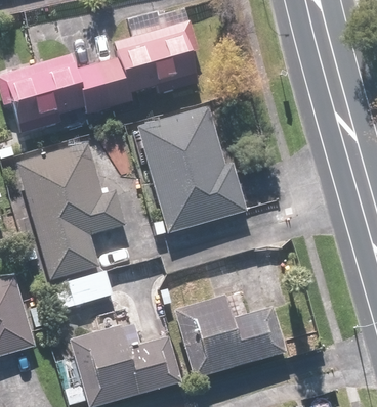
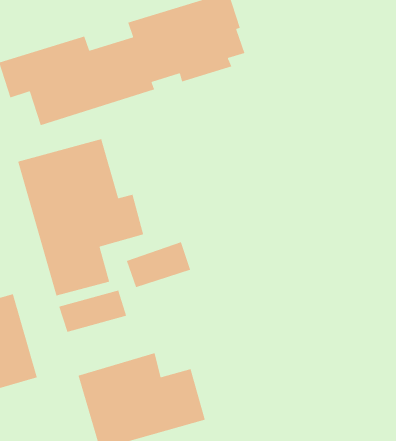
building: [132,105,246,234] -> none
building: [170,298,286,379] -> none

